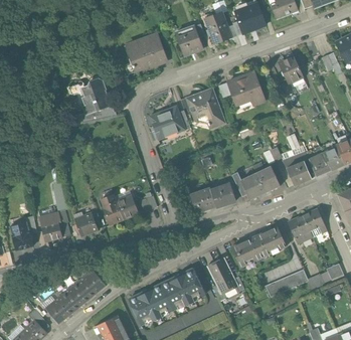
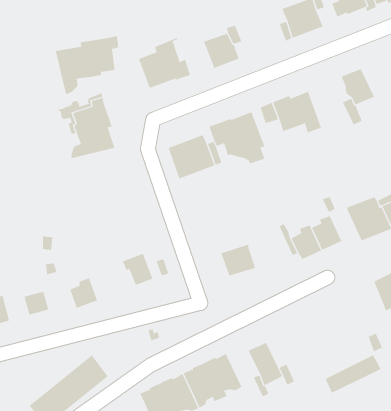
building: [204,12,231,44] -> none
building: none -> [55,35,119,95]
building: [210,184,235,207] -> none
building: [101,194,123,224] -> none
building: [288,215,312,243] -> none
building: [231,226,287,268] -> none

